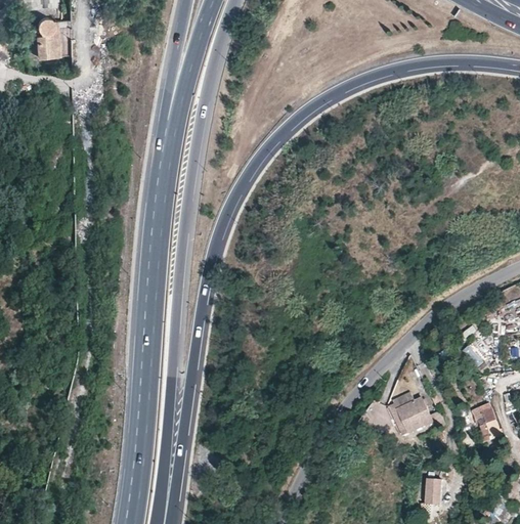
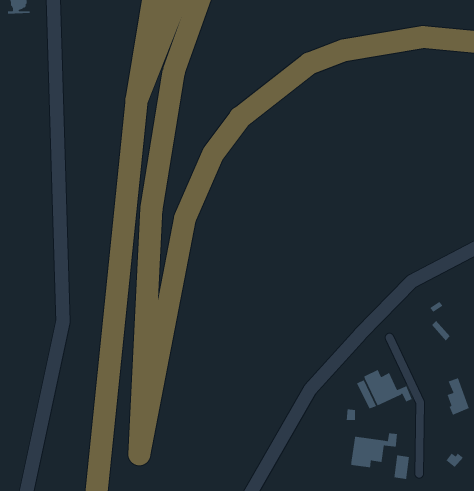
building: [36,37,59,56] -> none
building: none -> [351,433,398,468]

